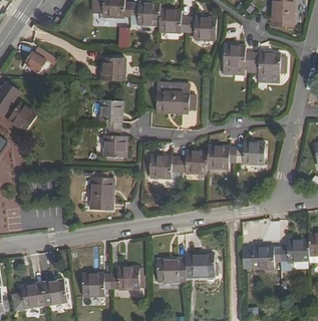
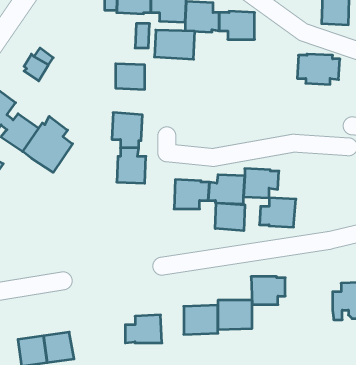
building: [224,44,252,71] -> none
building: [155,89,189,113] -> [154,30,195,59]
building: none -> [23,116,73,172]
building: [235,140,265,165] -> [259,198,296,227]
building: none -> [215,203,245,231]
building: [89,178,113,210] -> none
building: [252,246,280,269] -> [251,277,285,305]
building: [82,273,109,296] -> none

